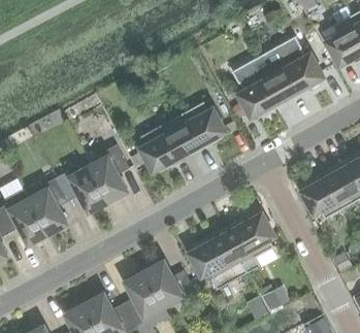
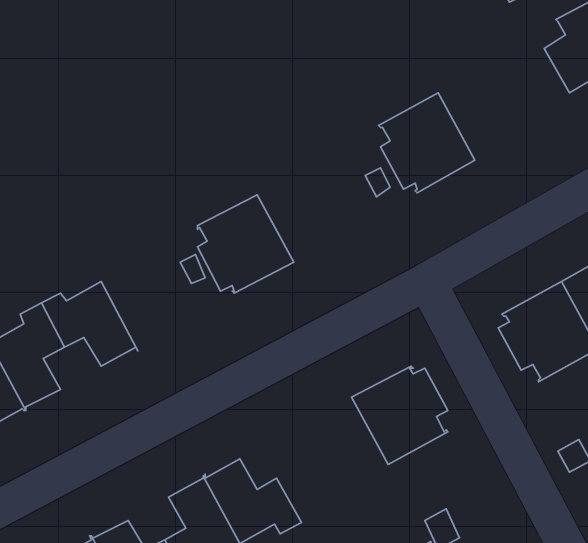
building: [269,47,323,101] -> none
building: [172,102,226,156] -> none
building: [89,145,129,203] -> none
building: [189,228,242,281] -> none

